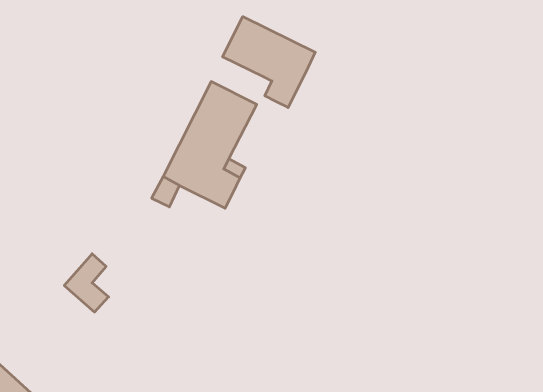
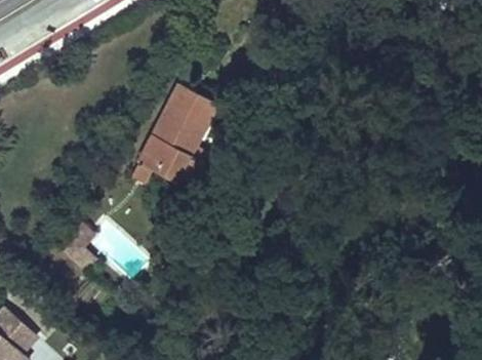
building: [223,17,315,108] -> none

